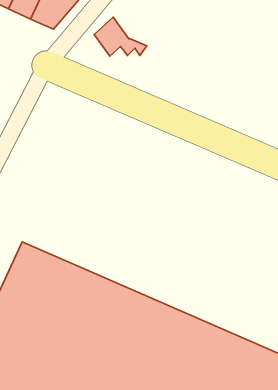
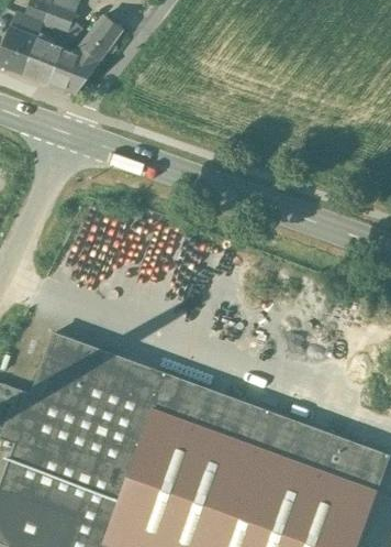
building: [94,17,147,56] -> none

